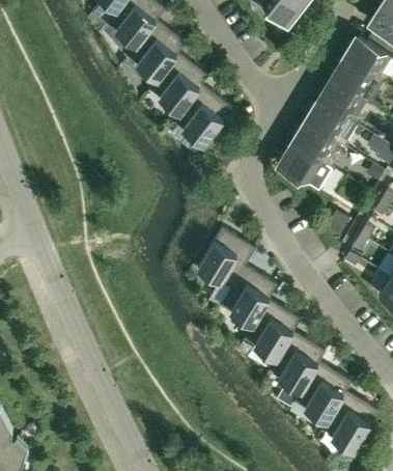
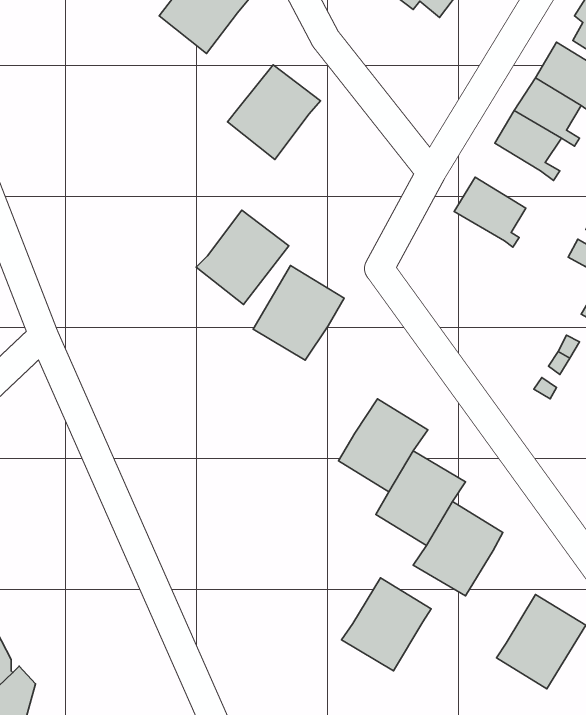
building: [124,22,184,82] -> none
building: [170,86,229,146] -> [196,210,289,305]
building: [305,105,346,149] -> none
building: [278,148,324,192] -> none
building: [195,229,253,289] -> [253,266,344,360]
building: [291,364,348,423] -> [341,578,431,671]

